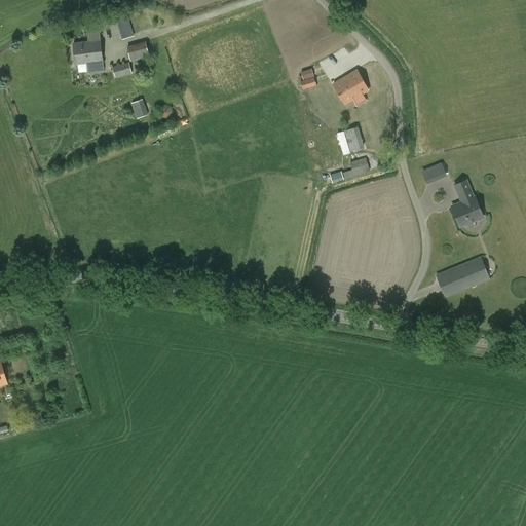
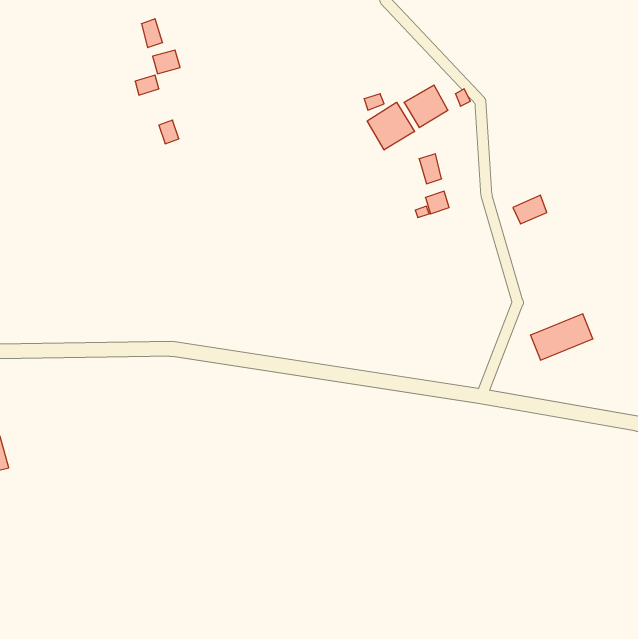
building: [73,30,102,72] -> none
building: none -> [367,102,415,150]
building: [451,181,483,227] -> none

